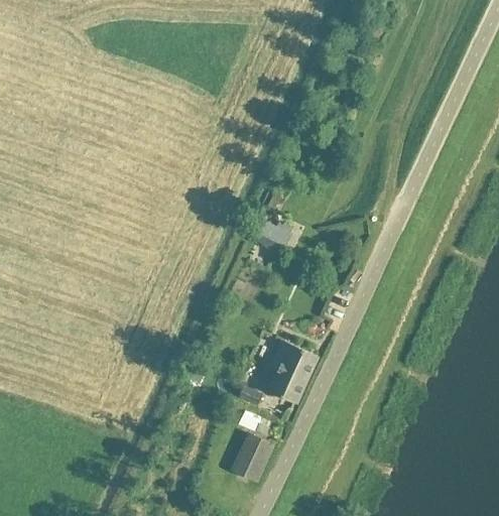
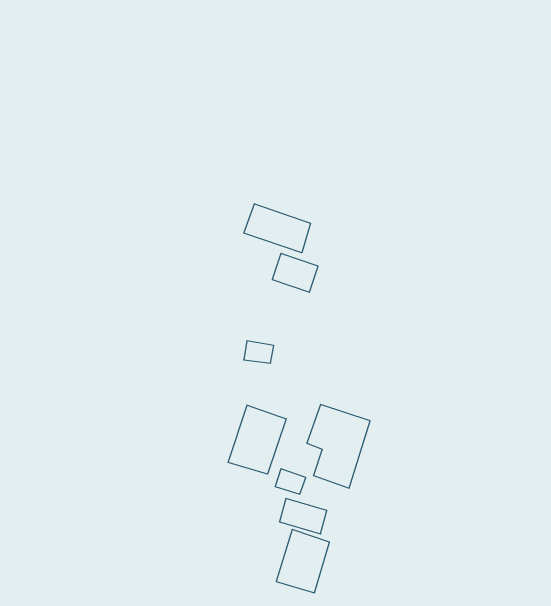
building: none -> [244,204,310,253]
building: none -> [228,405,286,474]

